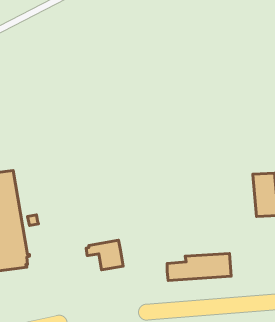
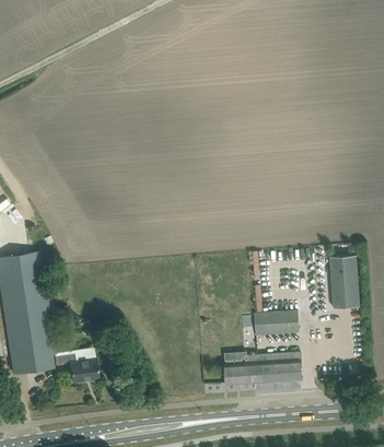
building: none -> [243,304,299,339]
building: [86,240,123,270] -> [54,346,98,383]

